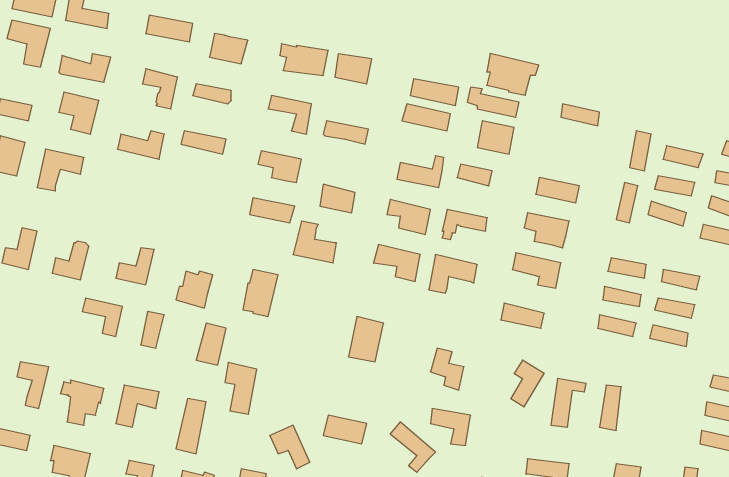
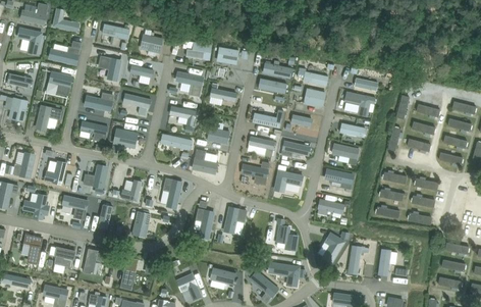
building: [487,53,539,95] -> [343,91,375,116]
building: none -> [79,120,108,143]
building: none -> [112,127,138,149]
building: none -> [21,193,50,220]
building: [225,362,257,414] -> [195,208,214,240]

